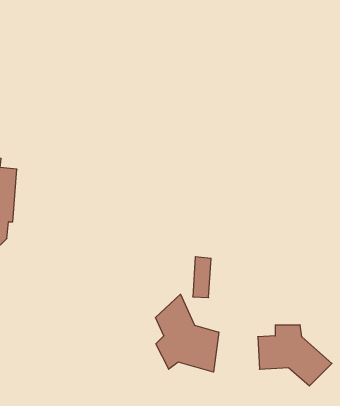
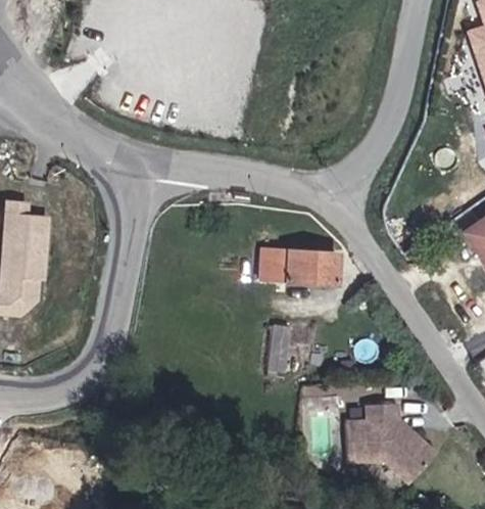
building: none -> [260,245,343,287]
building: [156,294,219,372] -> none

